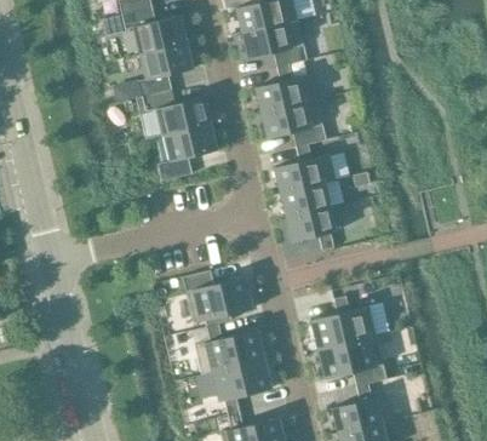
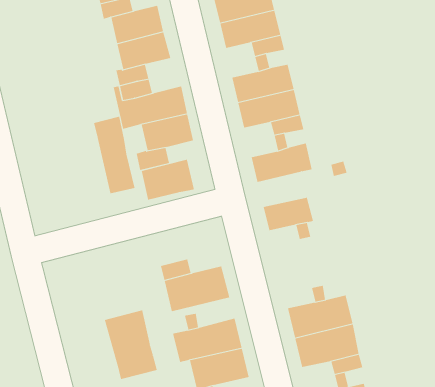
building: none -> [94,116,135,194]
building: none -> [141,159,194,200]
building: [279,183,330,218] -> none
building: none -> [104,310,158,380]

